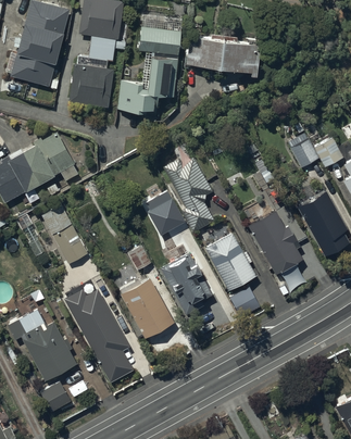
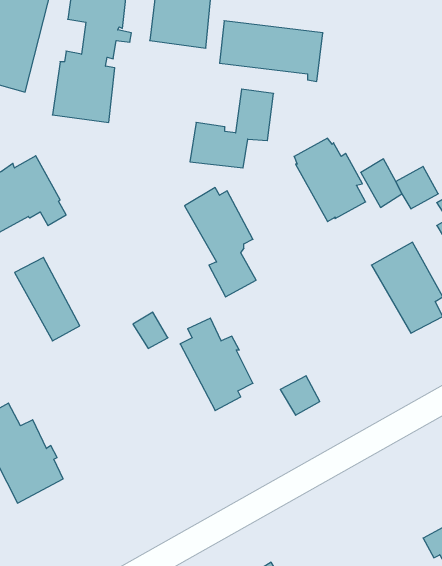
building: [117,57,177,113] -> [190,89,274,168]
building: [146,195,185,237] -> none
building: [251,213,302,273] -> [294,138,366,222]
building: [204,231,255,290] -> none
building: [120,276,174,338] -> none
building: [64,289,134,384] -> none
building: [40,381,71,412] -> none

